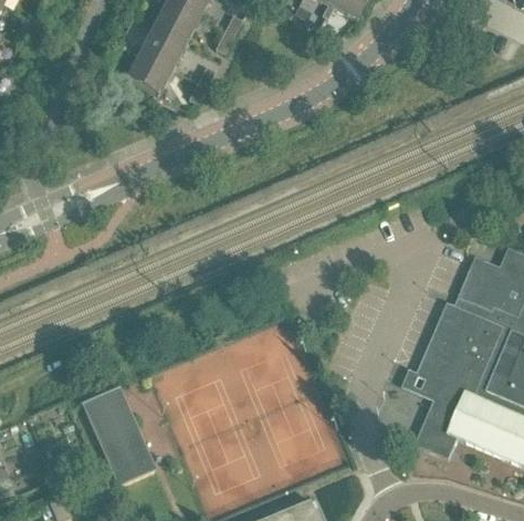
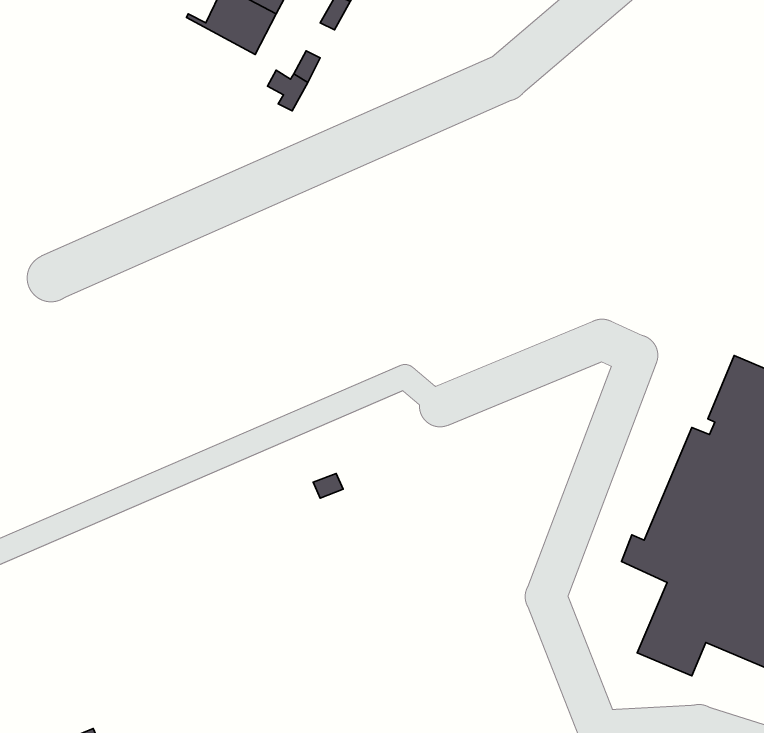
building: [127,44,174,94] -> none
building: [82,386,154,484] -> none

